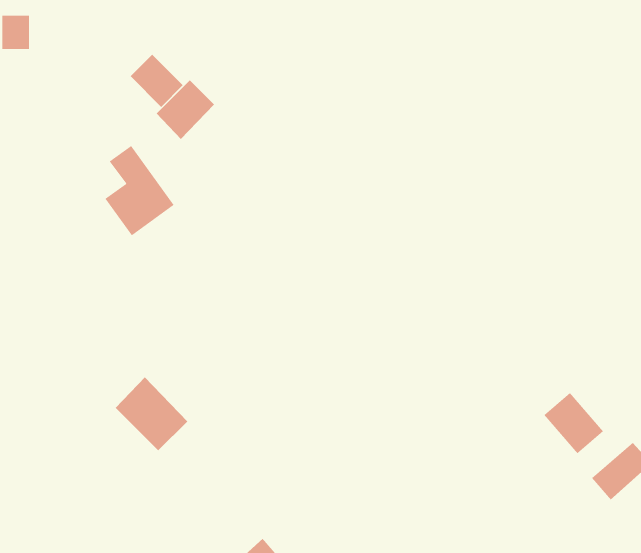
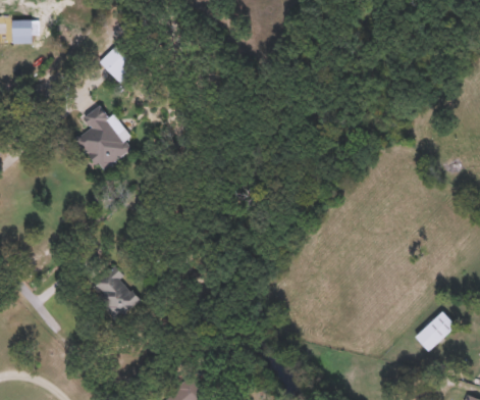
building: [156,79,215,140] -> none
building: [544,392,604,454] -> none

